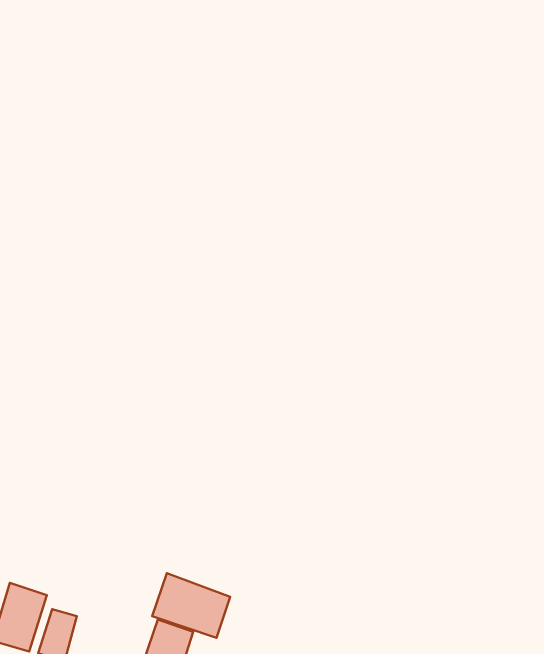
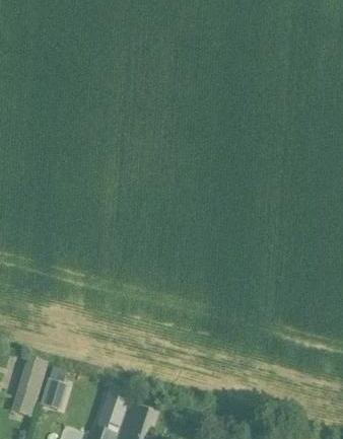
building: [152,573,230,638] -> none

